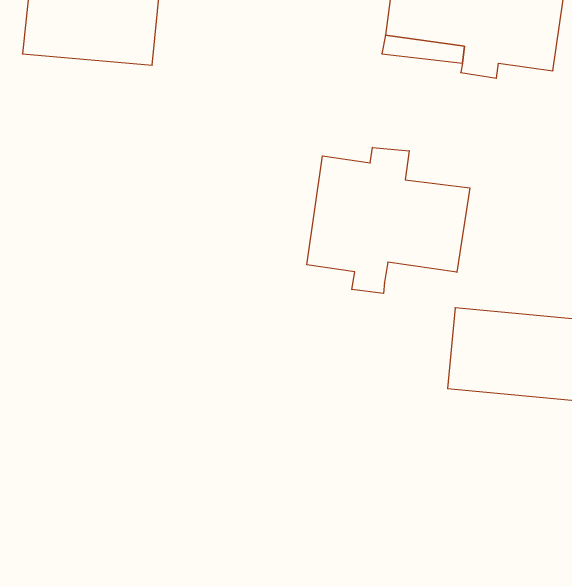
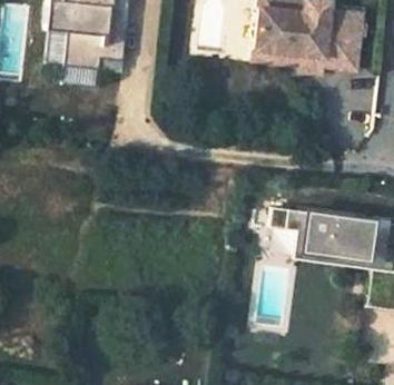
building: [307,147,470,293] -> none

